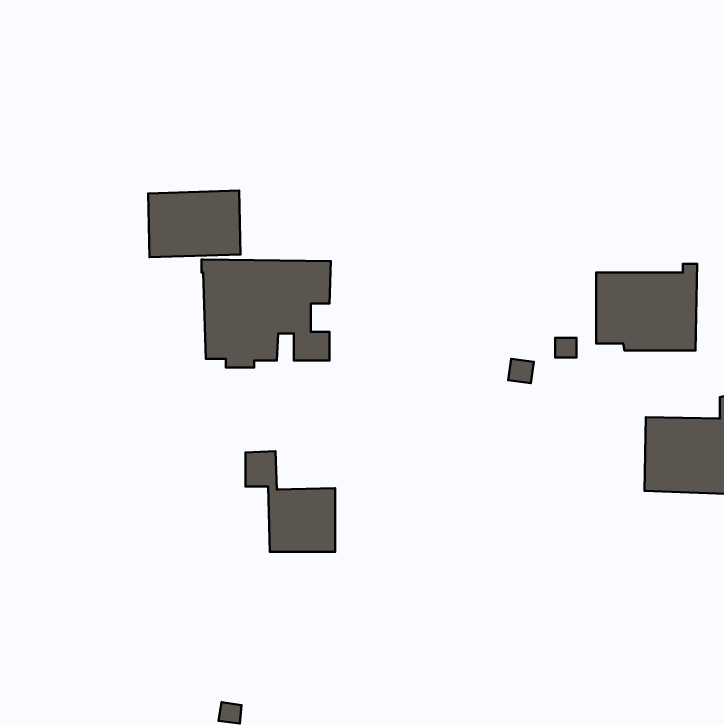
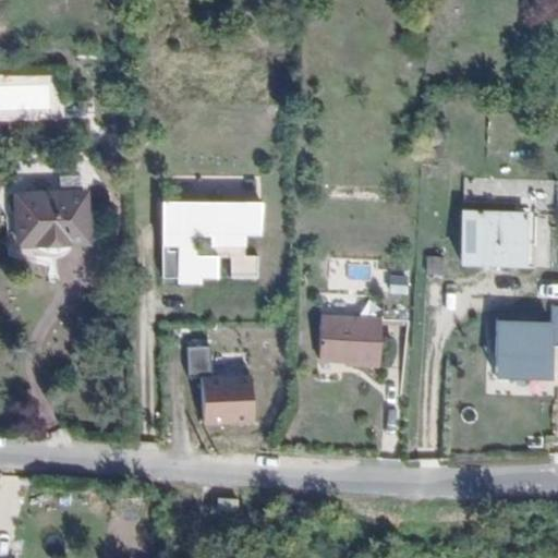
building: [148,191,240,257] -> [15,192,86,243]
building: none -> [323,323,384,368]

